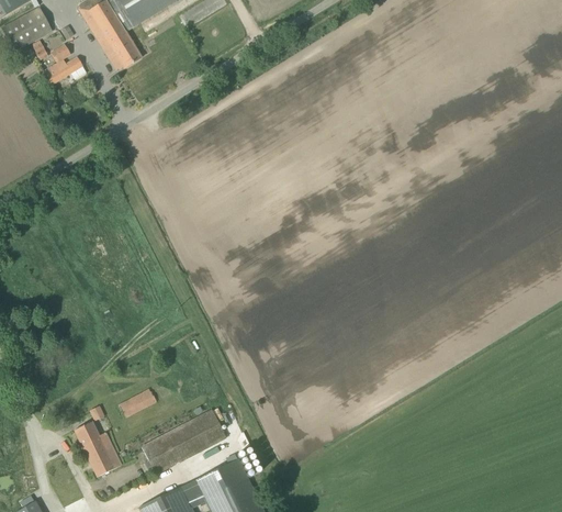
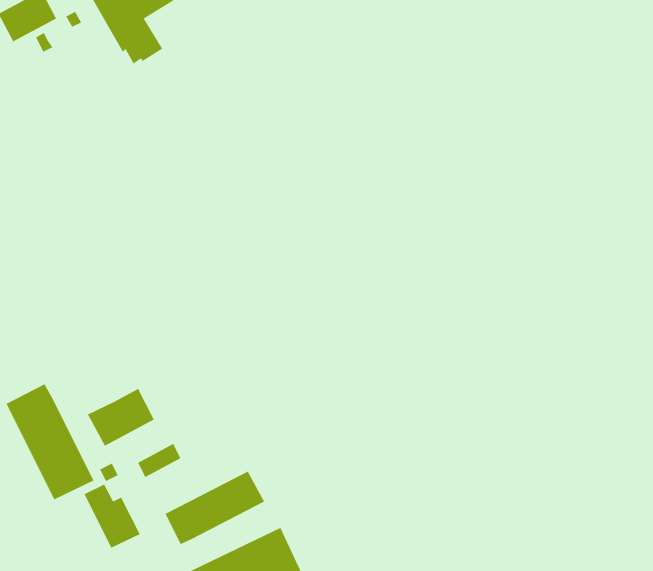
building: [42,45,81,86] -> none
building: none -> [6,383,94,500]
building: none -> [87,388,155,447]

